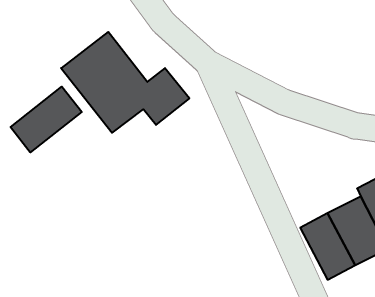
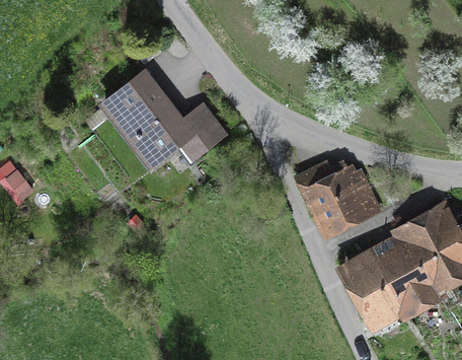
building: [11,87,82,152] -> none
building: none -> [294,160,381,238]

